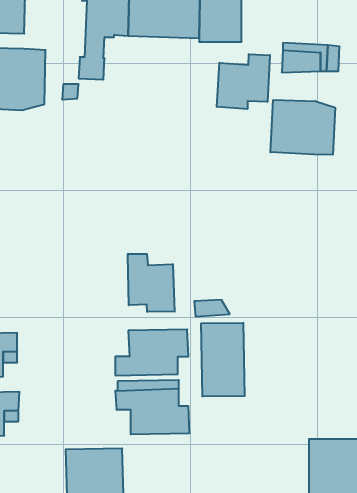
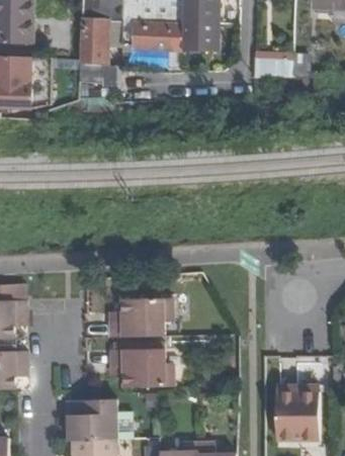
building: [217,54,270,109] -> none
building: [270,100,335,155] -> none
building: [128,254,175,312] -> none
building: [201,323,245,397] -> none

